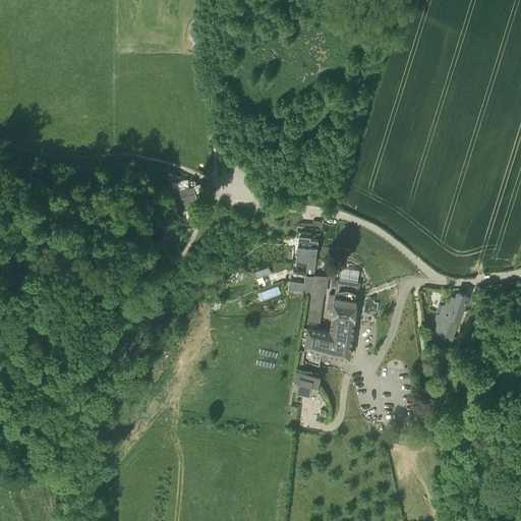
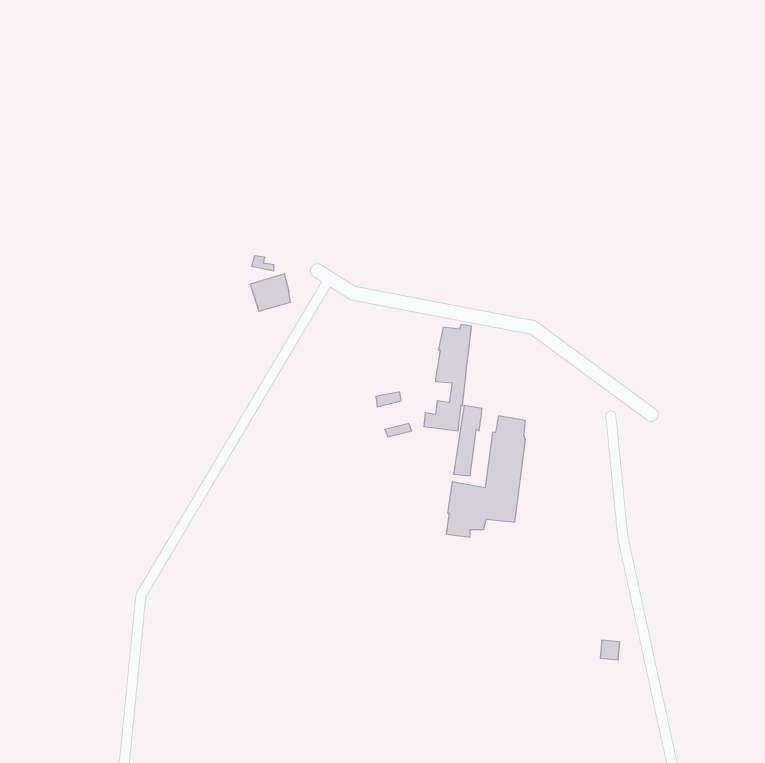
building: [430,293,467,338] -> none
building: [293,373,321,394] -> none

